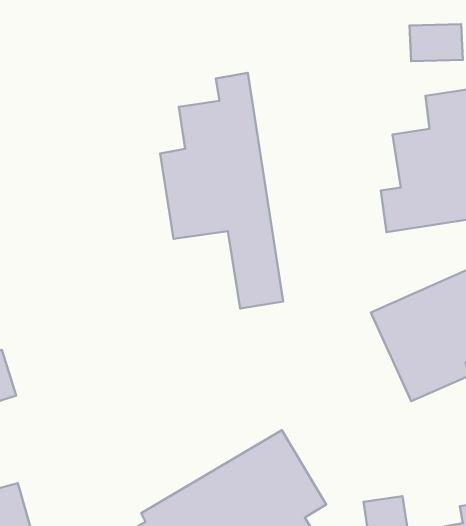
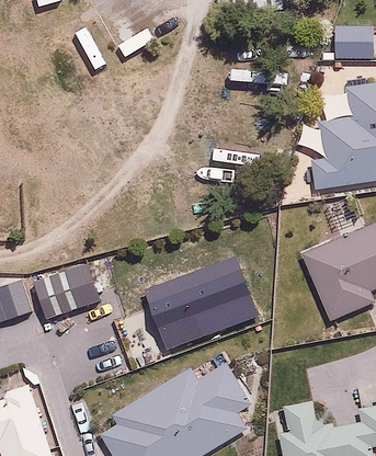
building: [160,73,283,308] -> none
building: none -> [146,262,254,350]
building: none -> [34,267,94,320]

